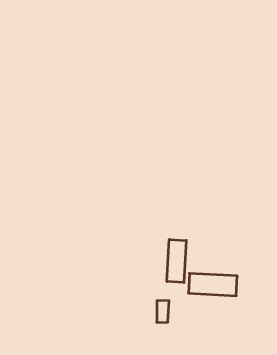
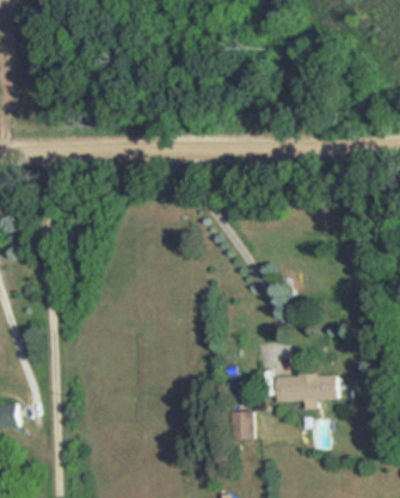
building: [167,239,186,283] -> none

